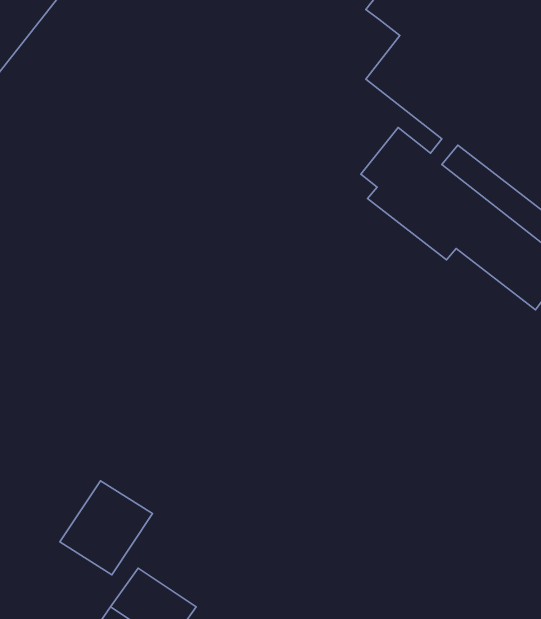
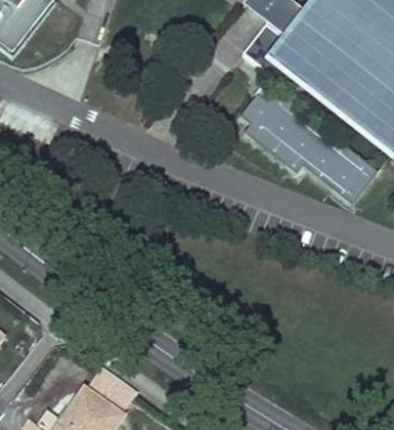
building: [60,481,153,575] -> none

